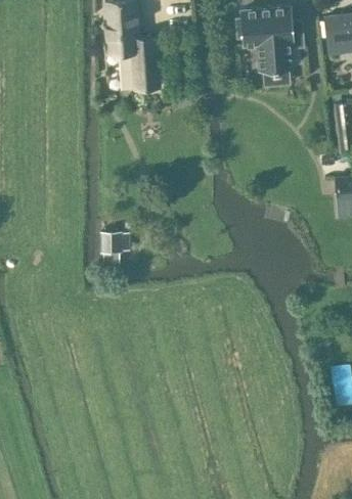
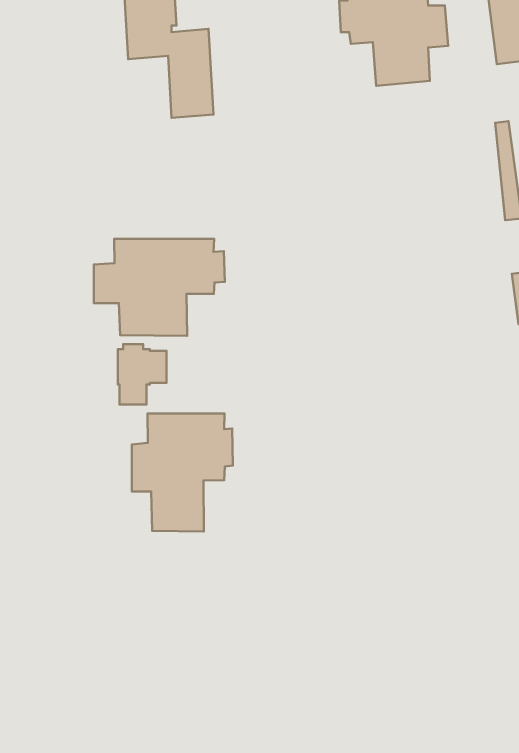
building: none -> [94,239,225,336]
building: none -> [132,413,233,532]

